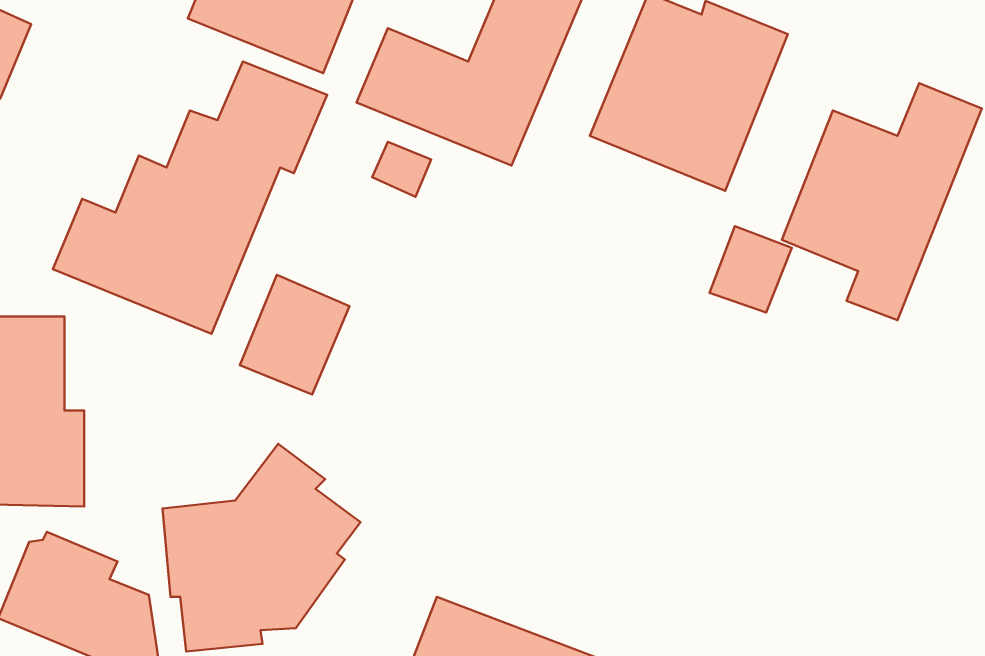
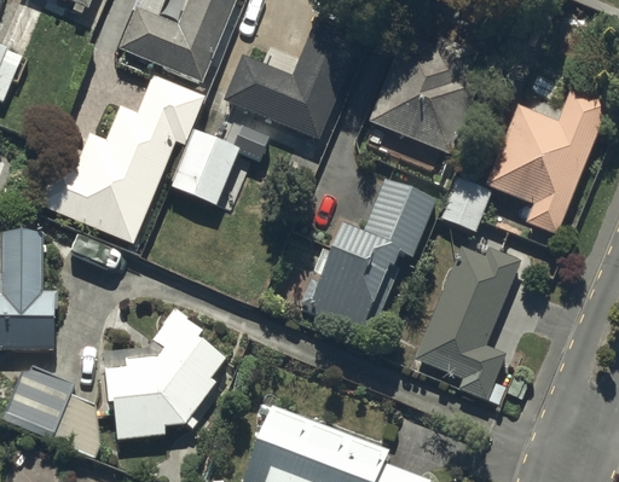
building: none -> [297,174,433,333]
building: [240,275,349,395] -> [170,132,238,205]
building: none -> [415,245,520,400]

